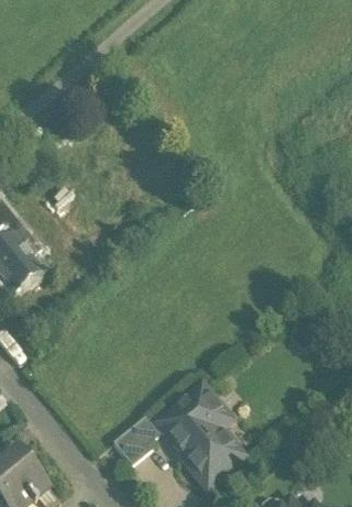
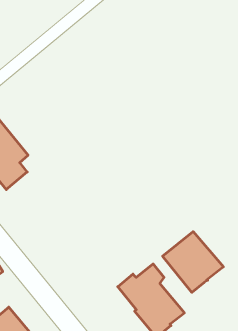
building: none -> [163,232,223,292]
building: [114,415,160,462] -> none

